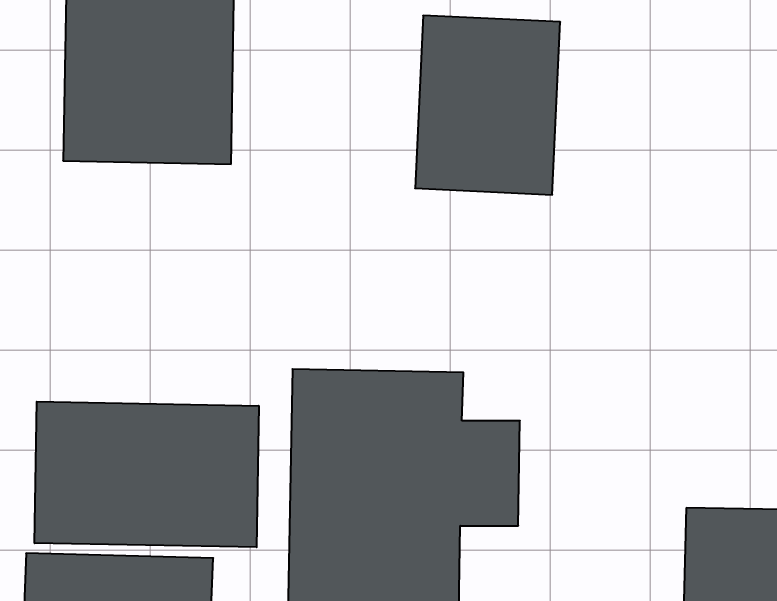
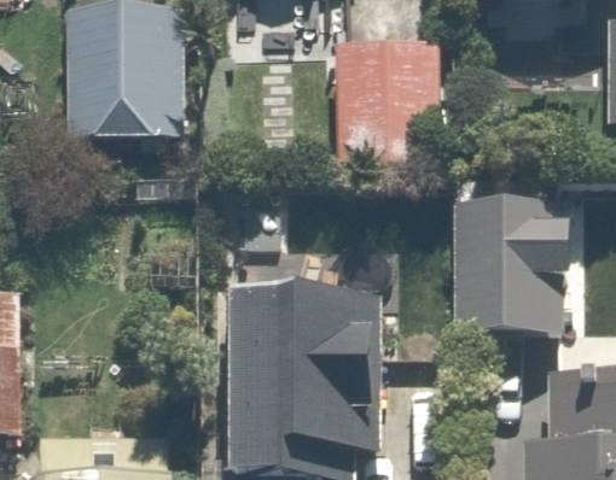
building: none -> [458,212,574,347]
building: [35,402,259,547] -> none

